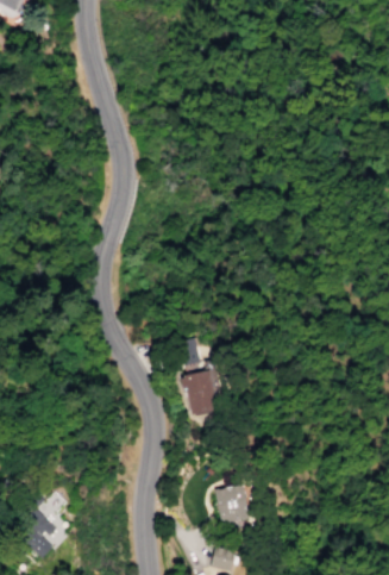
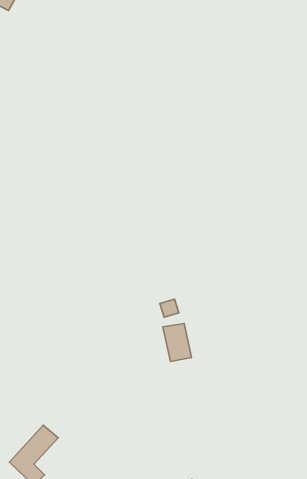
building: [215,486,251,526] -> none

